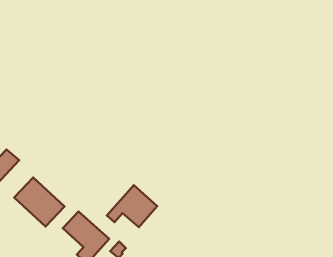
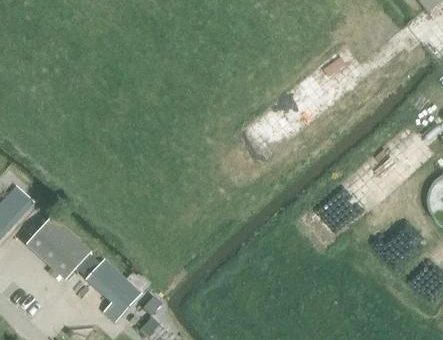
building: [107,185,157,227] -> none

